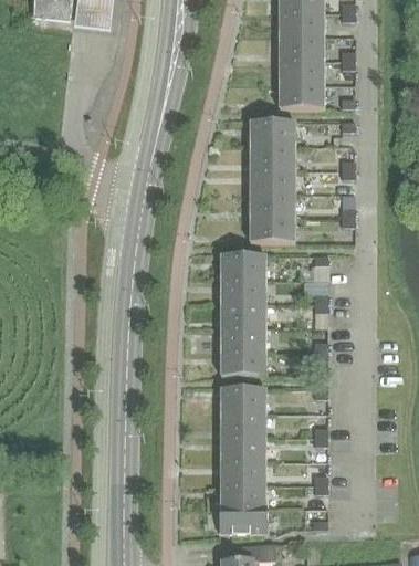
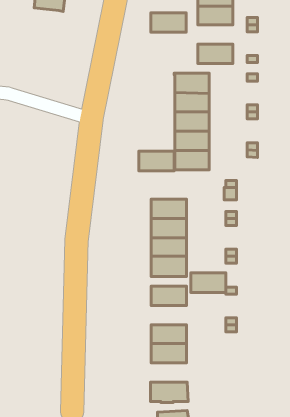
building: [280,59,324,83] -> [151,13,186,32]
building: [221,253,265,277] -> [139,151,174,171]
building: [221,411,265,436] -> [191,273,226,292]
building: [220,483,266,507] -> none

